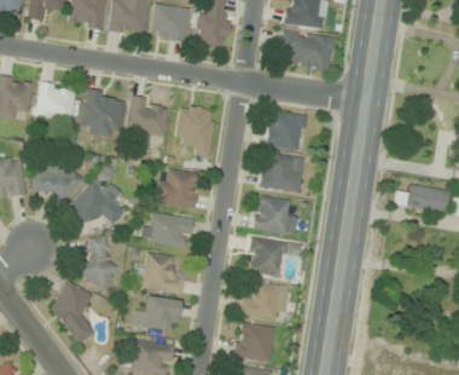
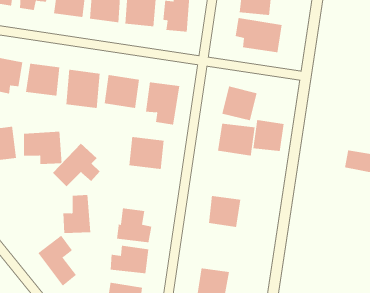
building: [252,196,290,233] -> [252,120,284,152]
building: [143,214,192,247] -> none
building: [240,283,289,319] -> none

